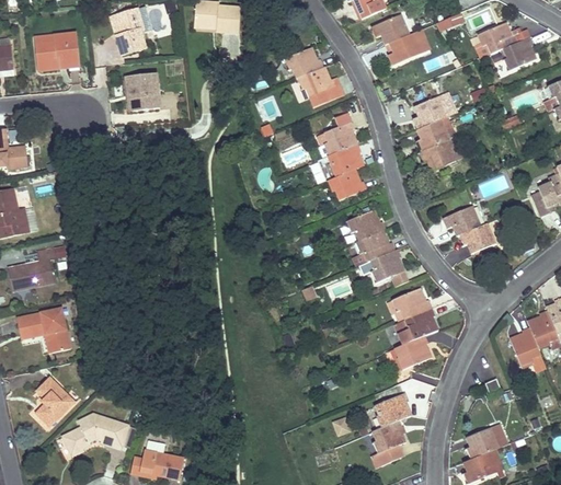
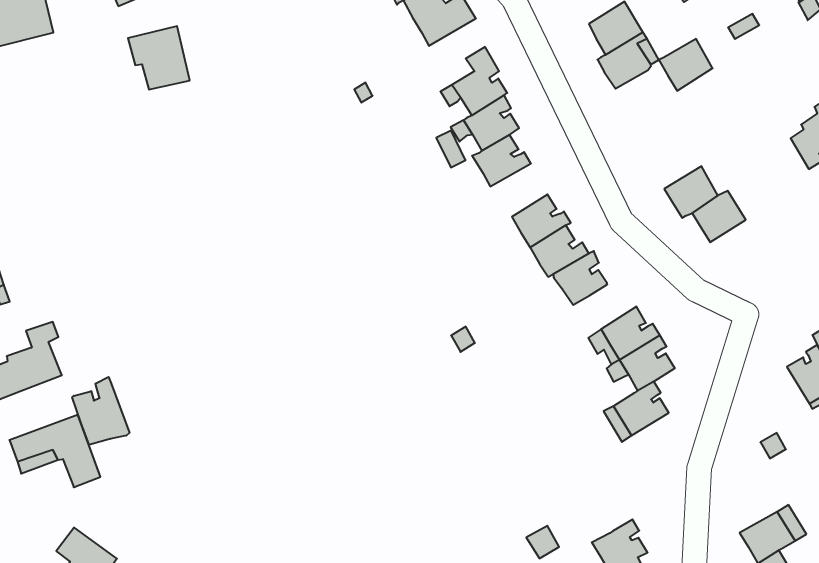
building: [422,141,455,172] -> [659,39,713,91]
building: none -> [72,377,129,445]
building: [377,393,410,426] -> none

